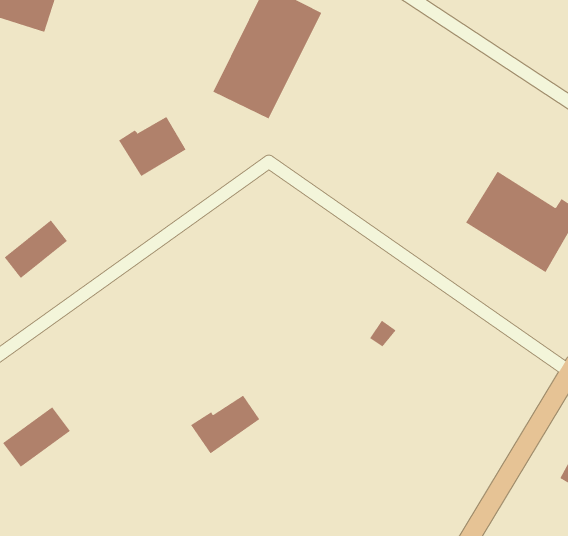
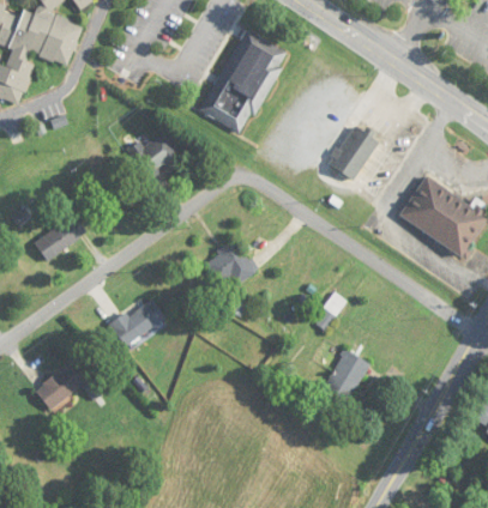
building: none -> [327,123,379,180]
building: none -> [205,240,258,285]
building: none -> [319,349,369,407]
building: [190,395,260,454] -> [109,298,164,345]

